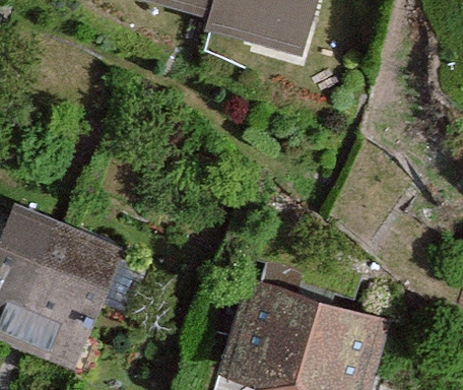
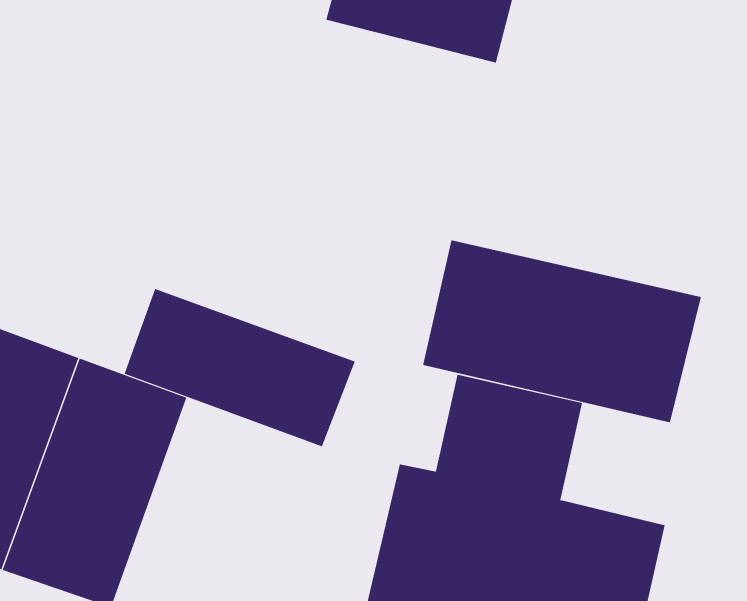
building: none -> [423,239,702,423]
building: none -> [124,288,355,447]

